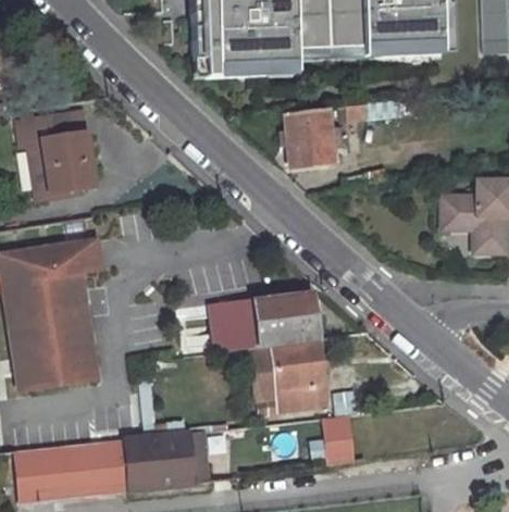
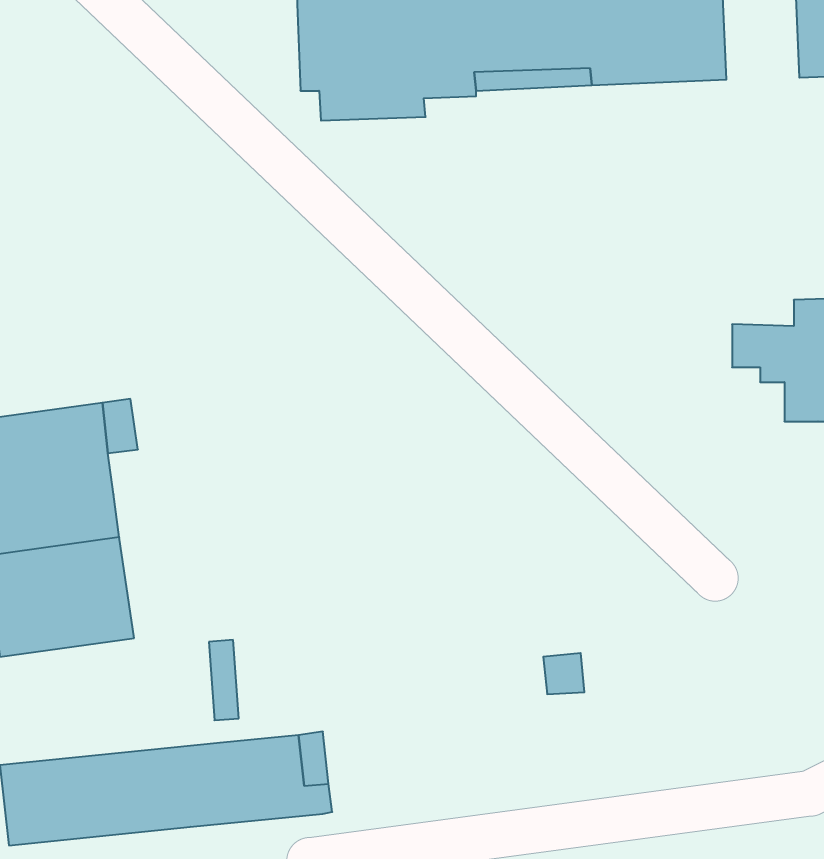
building: [285,108,344,171] -> none
building: [25,112,90,193] -> none
building: [212,290,322,404] -> none
building: [325,417,353,464] -> none

